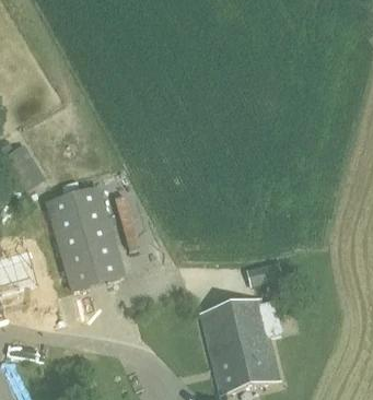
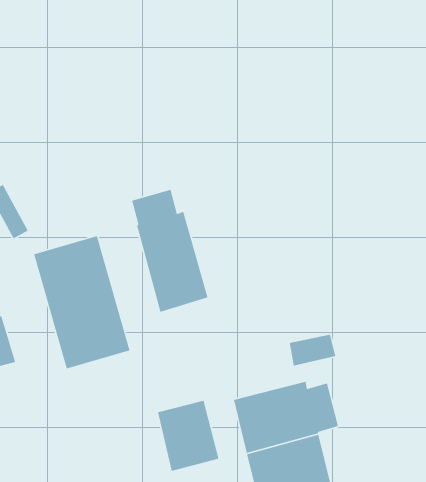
building: none -> [131,189,208,313]
building: none -> [157,400,219,472]

